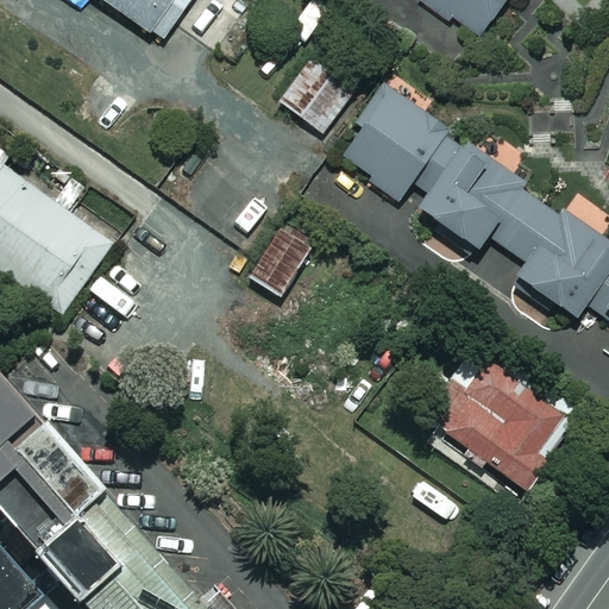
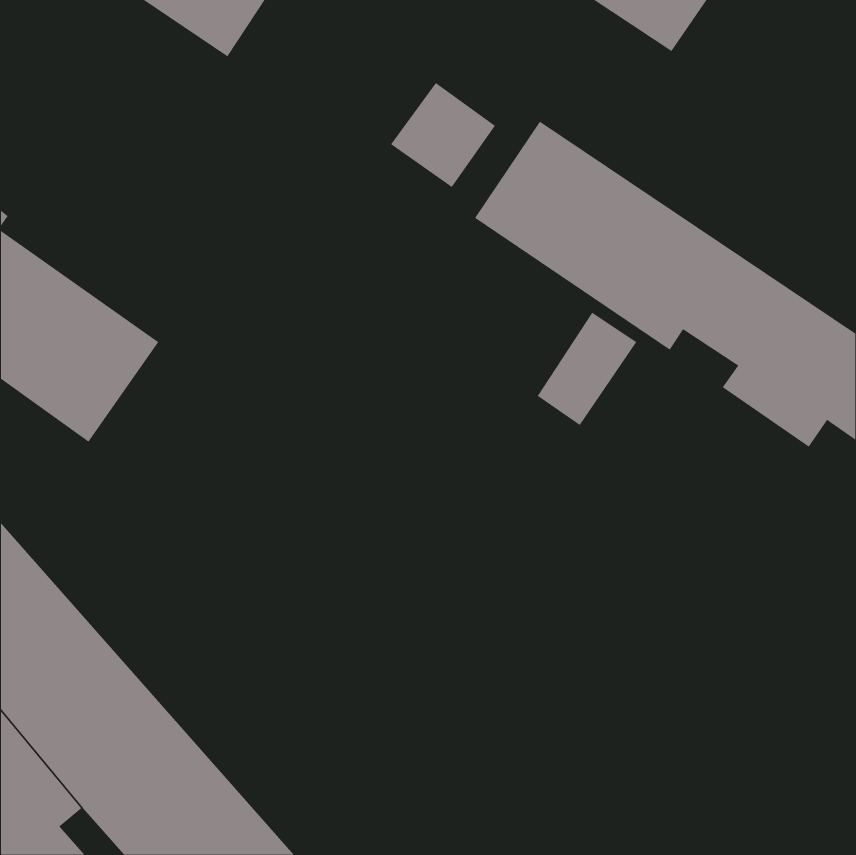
building: [245,224,316,304] -> [537,312,637,426]
building: [421,350,560,490] -> none

